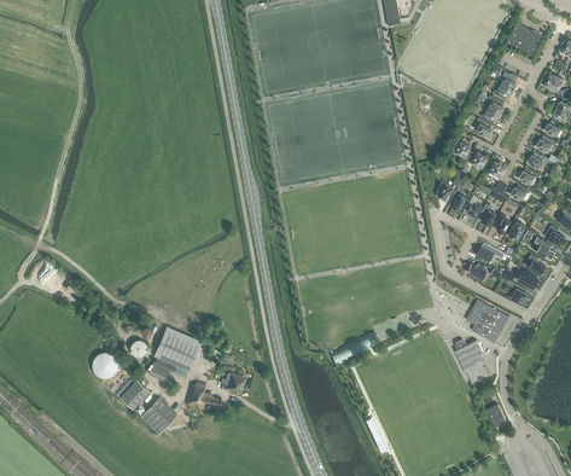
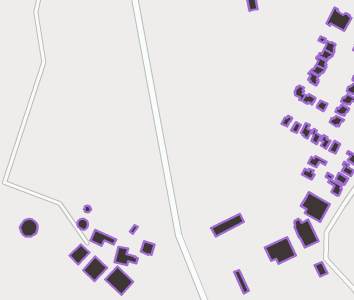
building: [153,326,200,368] -> none
building: [92,350,118,377] -> [20,219,38,236]
building: none -> [265,237,296,264]
building: none -> [105,266,133,295]

